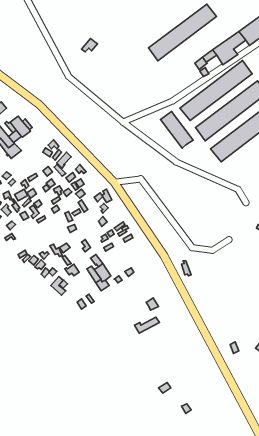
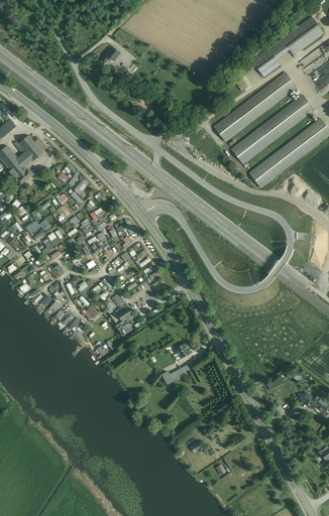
building: [148,4,216,61] -> none
building: [160,111,193,148] -> none

